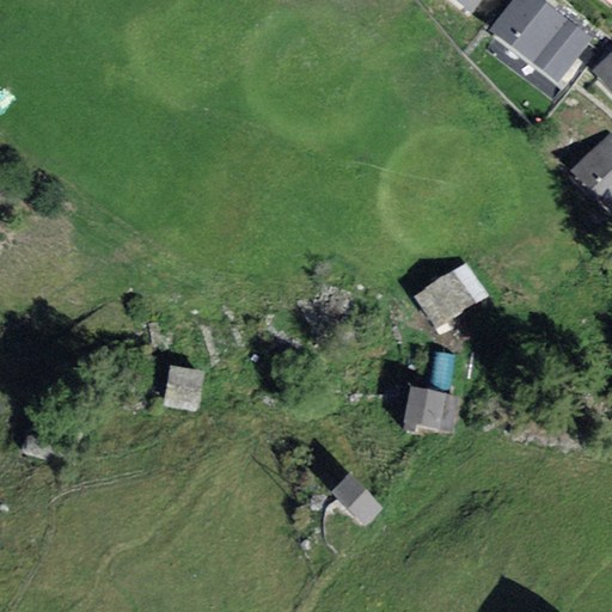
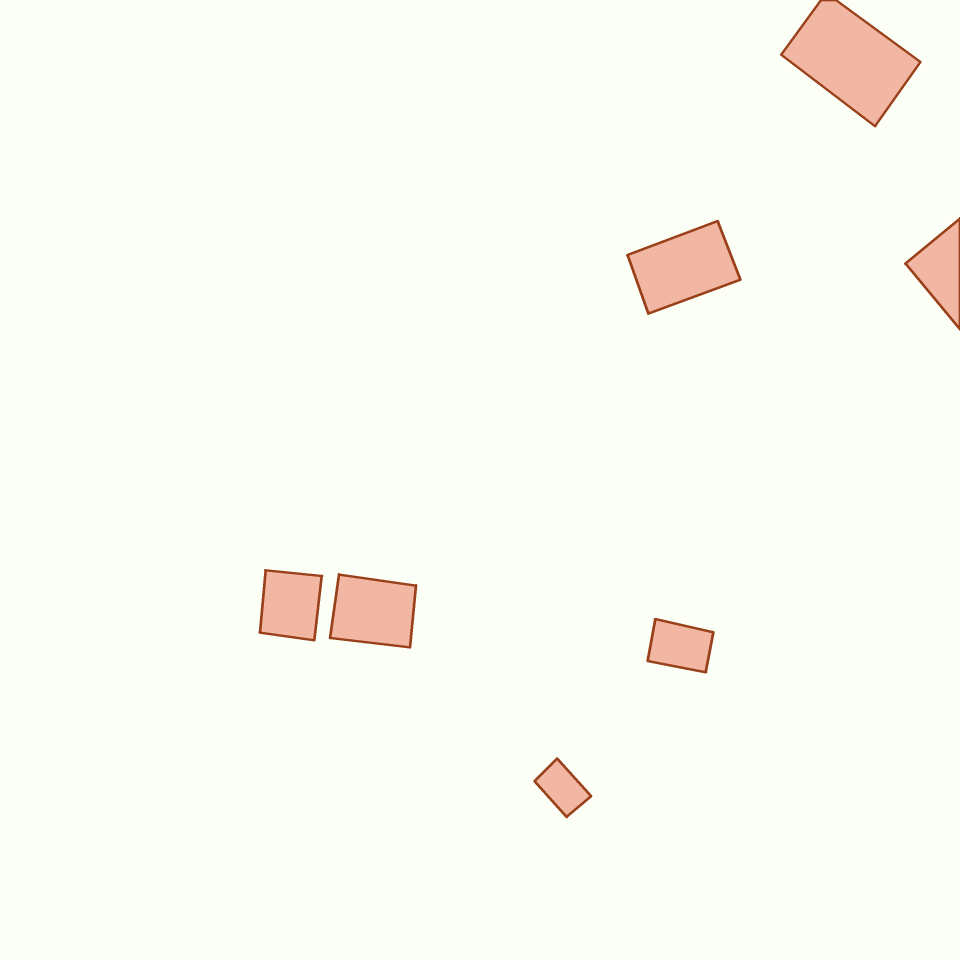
building: [415,263,486,322] -> [627,221,740,314]
building: none -> [330,574,416,647]

